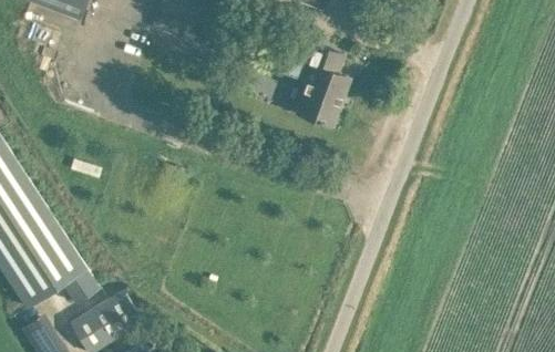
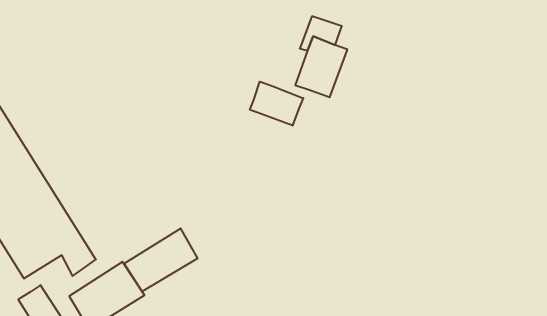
building: none -> [250,82,303,126]
building: none -> [124,228,198,292]

